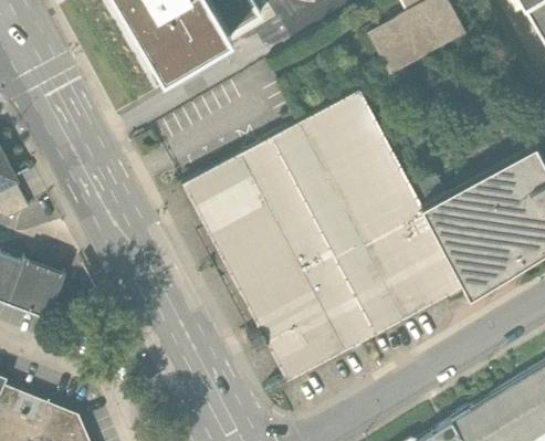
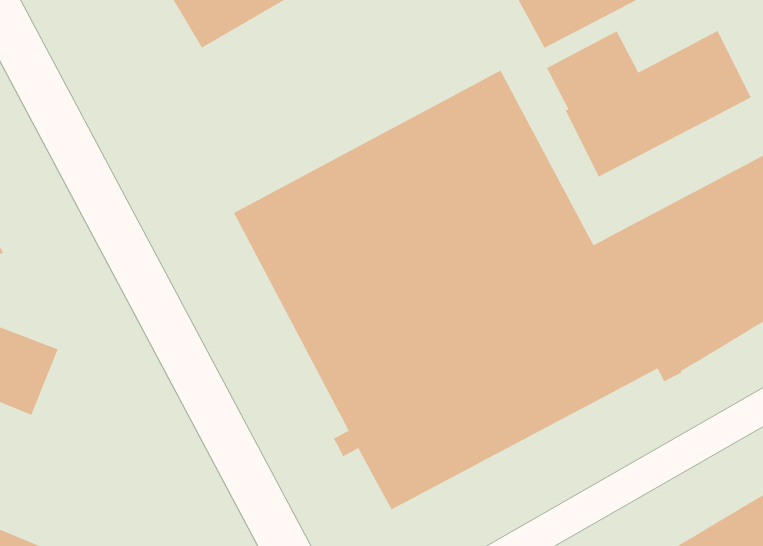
building: none -> [546,30,751,177]

